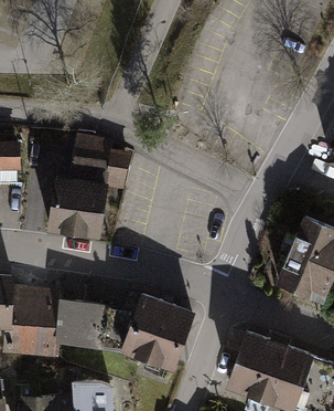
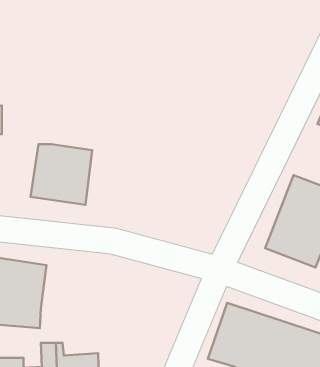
building: [69,136,128,179] -> none
building: [58,292,196,365] -> none

